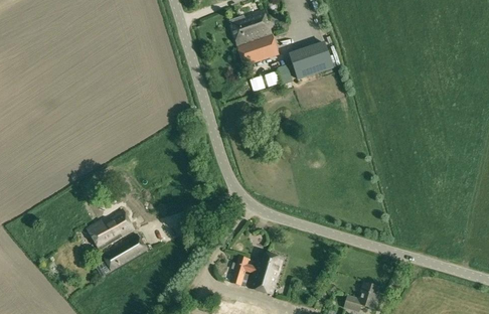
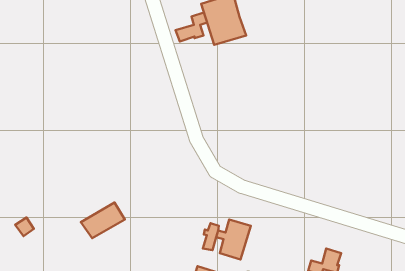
building: none -> [176,13,207,42]
building: [290,42,333,77] -> none
building: [88,210,135,249] -> none

